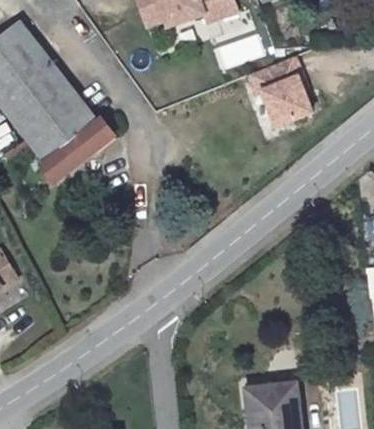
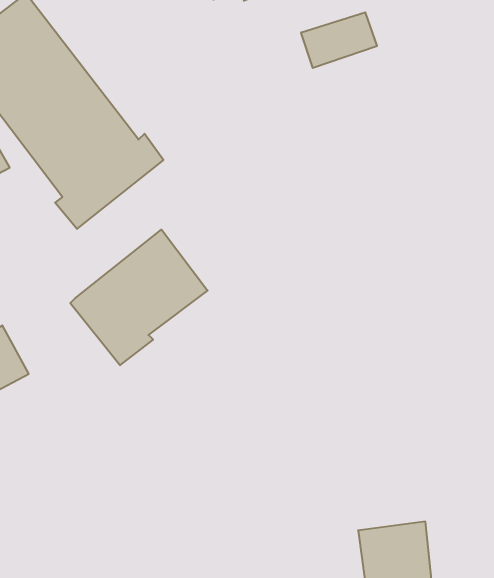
building: [249,58,312,127] -> none
building: none -> [70,230,208,365]

